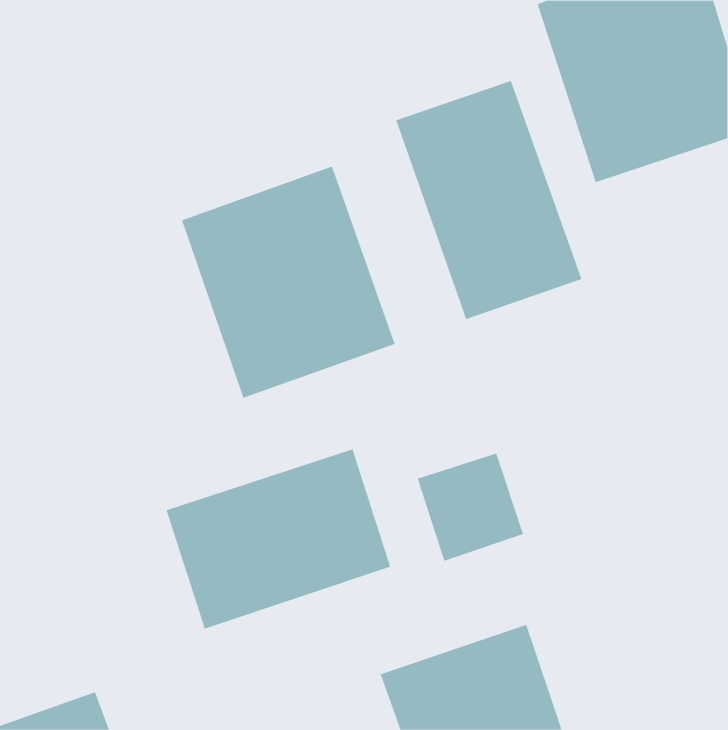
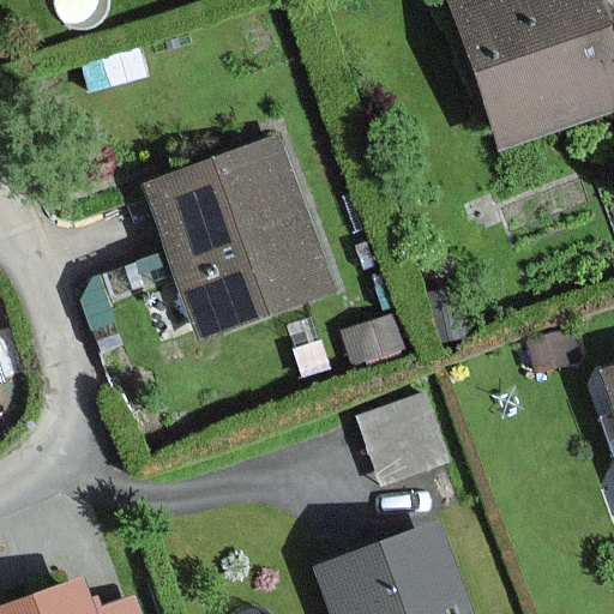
building: [396,80,582,320] -> none
building: [166,449,391,629] -> none

